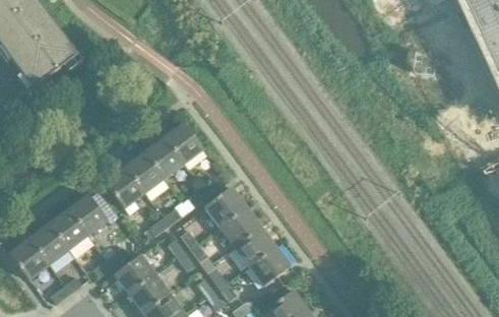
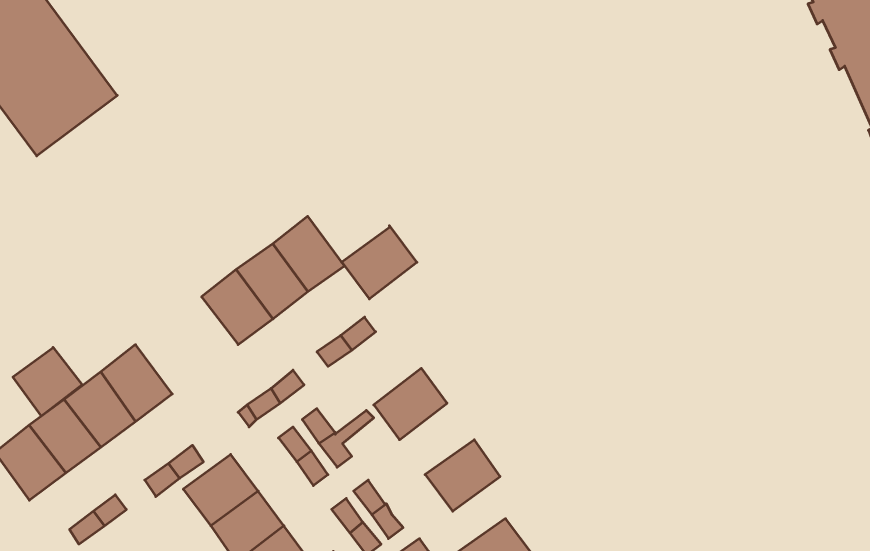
building: [104,168,144,215] -> none
building: [204,187,246,228] -> [342,226,417,299]
building: none -> [13,347,82,416]
building: [234,227,275,266] -> none

